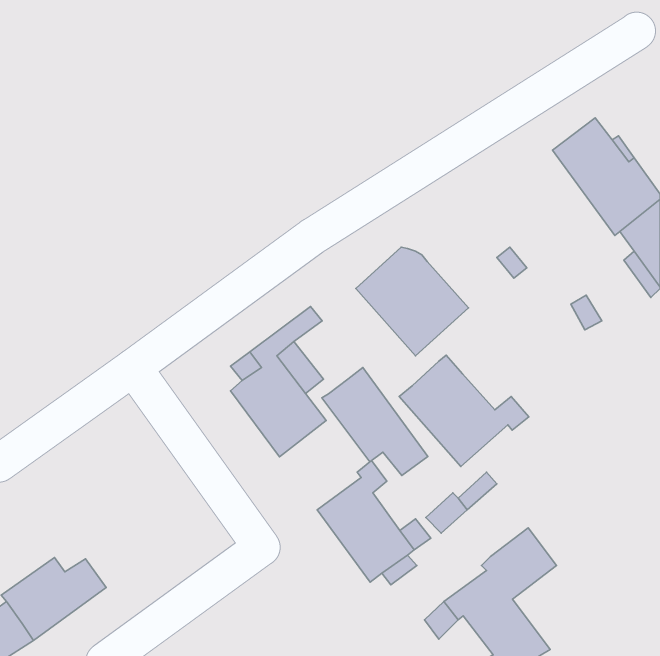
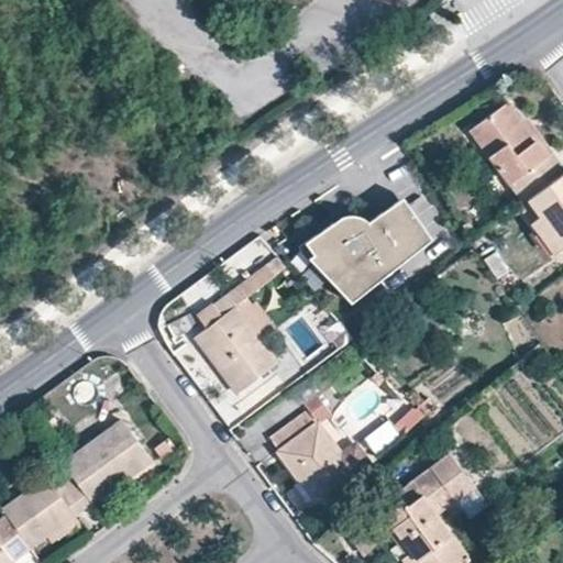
building: none -> [363,199,430,266]
building: [399,355,529,466] -> none
building: [322,368,428,475] -> none
building: none -> [62,398,150,505]

